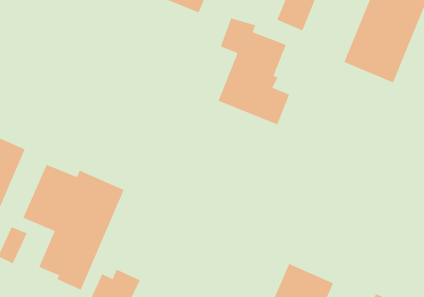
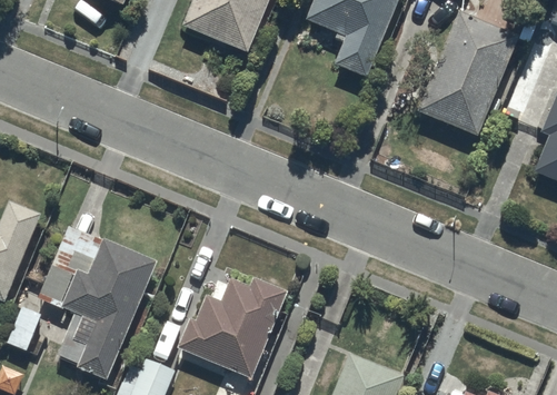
building: [218,17,290,125] -> none
building: none -> [178,278,288,379]

